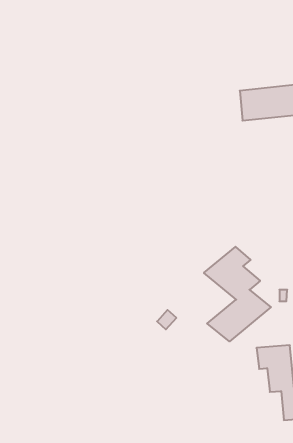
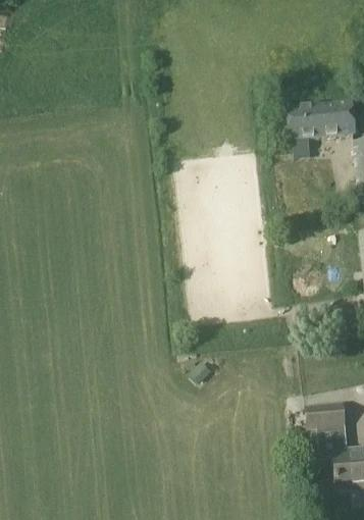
building: [204,247,271,341] -> none

